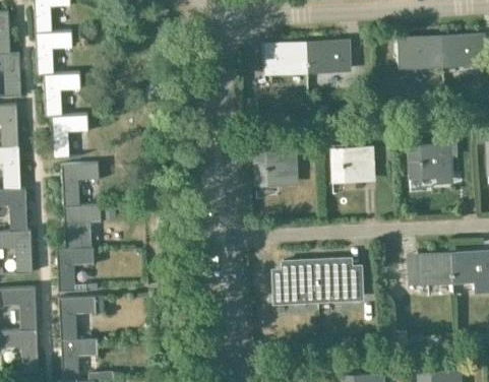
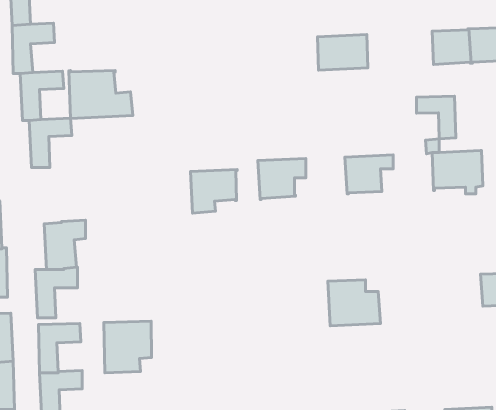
building: [262,42,307,73] -> none
building: none -> [69,71,133,119]
building: none -> [417,96,456,139]
building: none -> [190,170,237,213]
building: [62,164,100,208] -> none
building: [409,253,452,284] -> none
building: [271,259,317,302] -> none
building: none -> [104,321,151,373]

